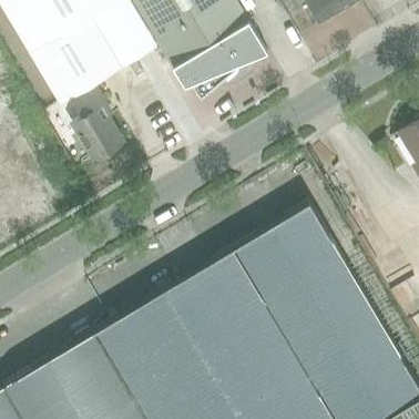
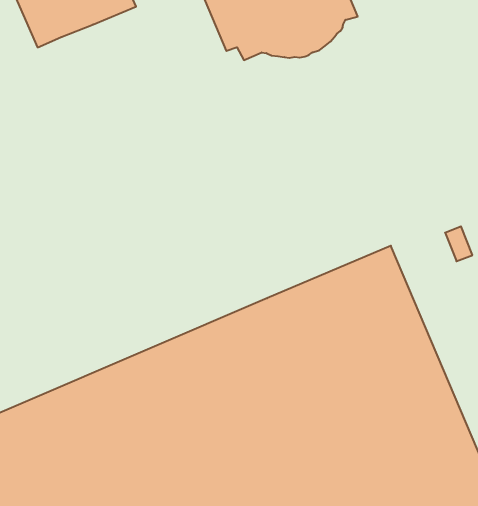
building: [72,84,123,162] -> none

